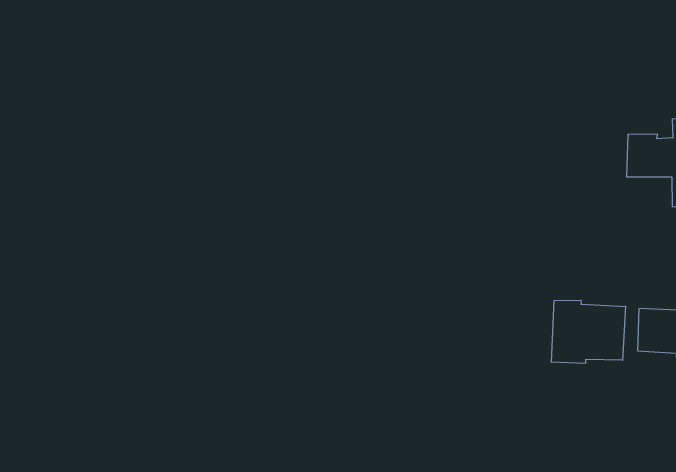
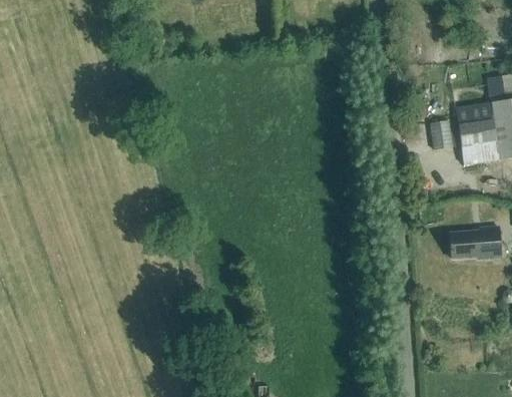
building: [551,300,626,363] -> none

